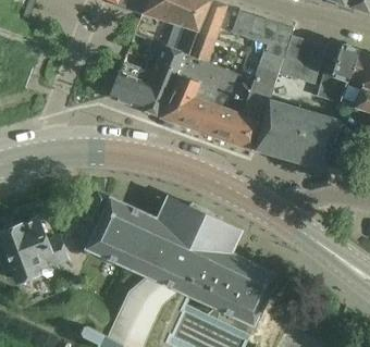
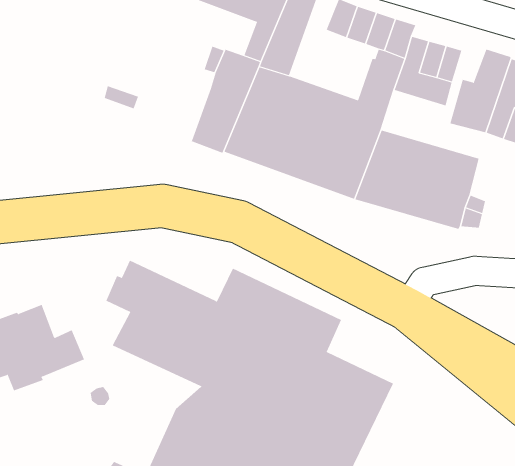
building: [110,62,153,108] -> none

